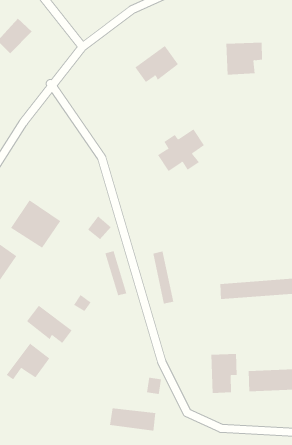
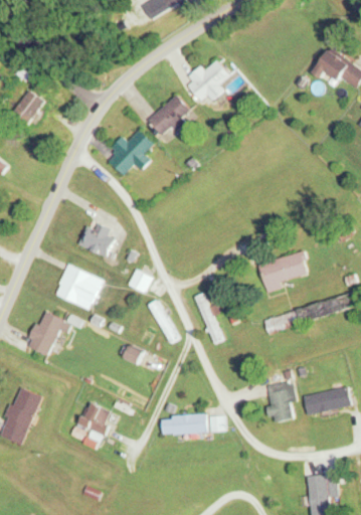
building: [226,42,263,75] -> [188,64,226,102]
building: [157,129,205,172] -> [109,130,153,175]
building: none -> [78,224,115,258]
building: none -> [258,251,309,292]
building: [26,305,73,344] -> none
building: [109,408,156,431] -> [162,414,206,434]

